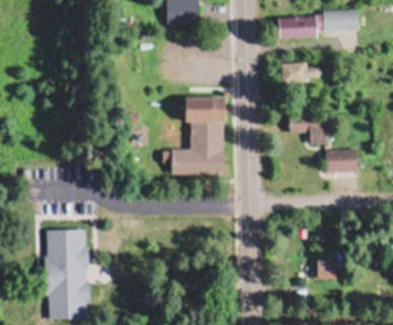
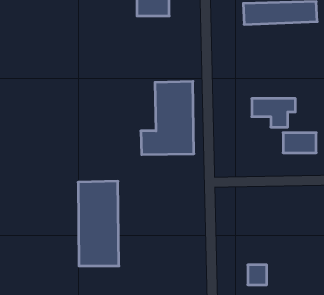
building: [282,64,313,83] -> none
building: [45,225,88,315] -> [78,181,119,266]
building: [317,260,337,281] -> [248,265,267,285]

